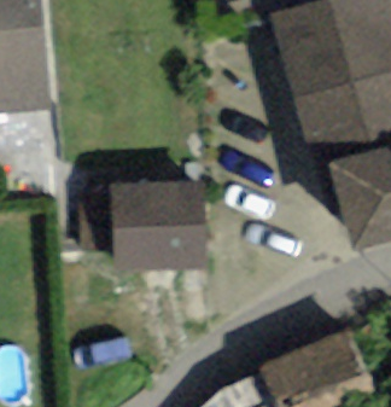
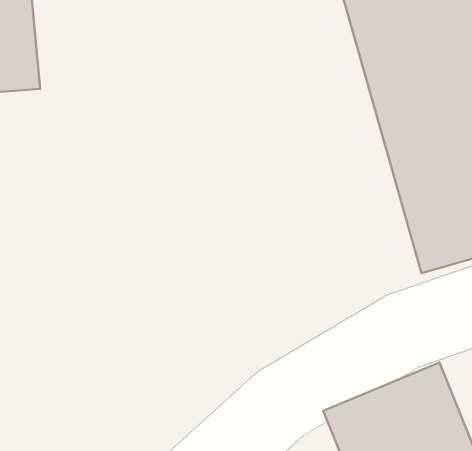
building: [107,197,198,266] -> none

